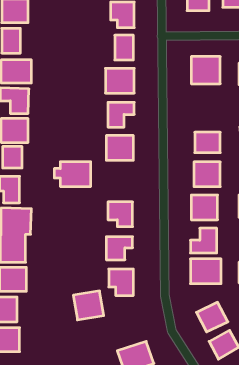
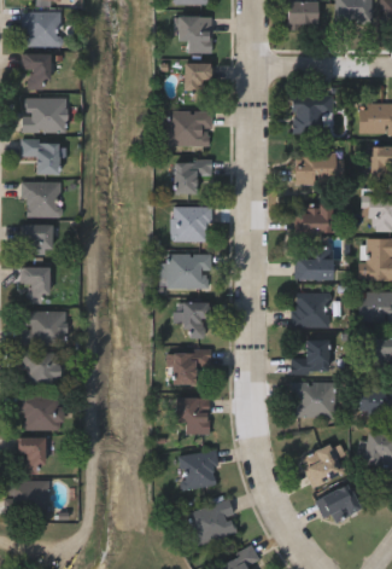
building: none -> [294,151,337,186]
building: [54,162,91,186] -> [159,255,211,290]
building: [73,291,104,320] -> [179,449,222,490]

